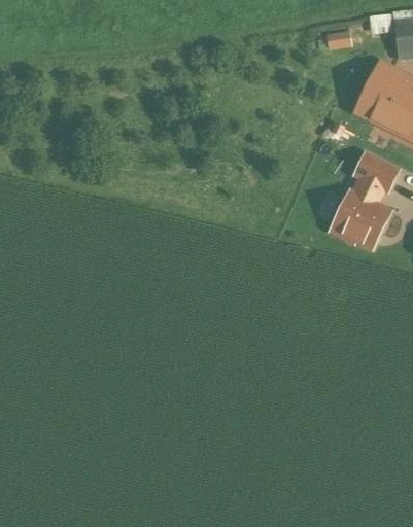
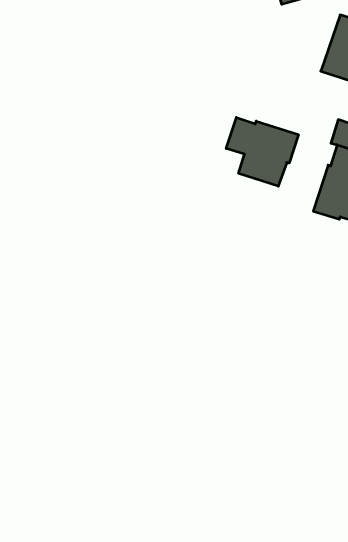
building: none -> [226,117,298,186]

